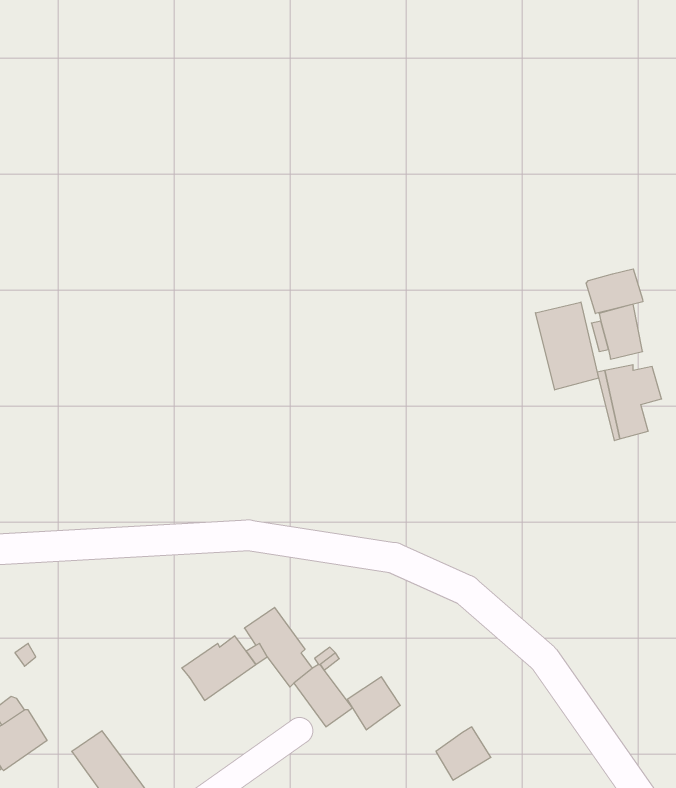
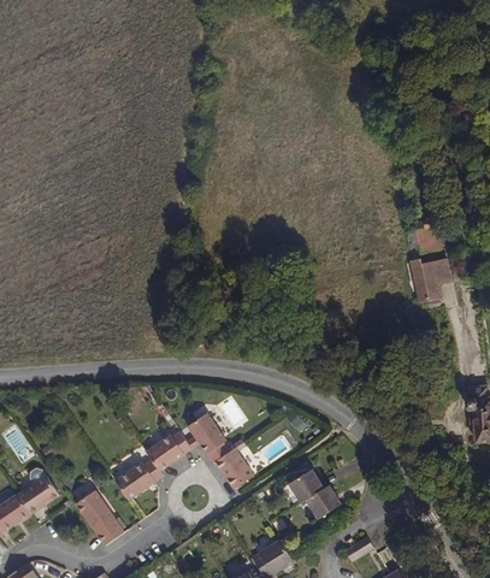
building: [586,269,643,314] -> none
building: [535,302,598,390] -> none
building: [347,677,400,730] -> [289,472,323,506]
building: none -> [113,455,163,499]

